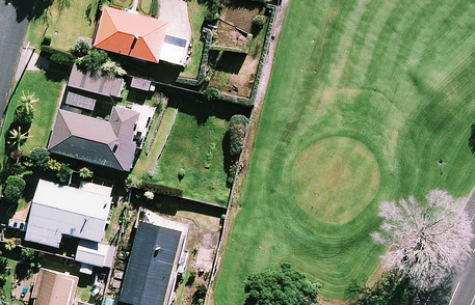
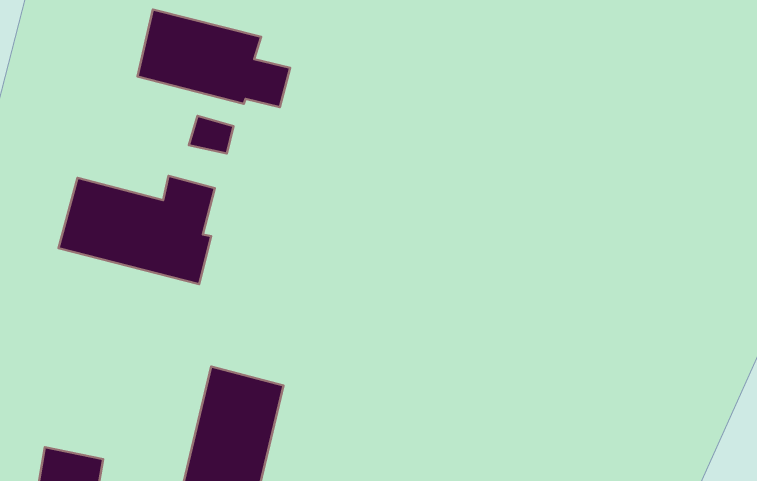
building: [64,63,123,109] -> none
building: [26,181,111,265] -> none

